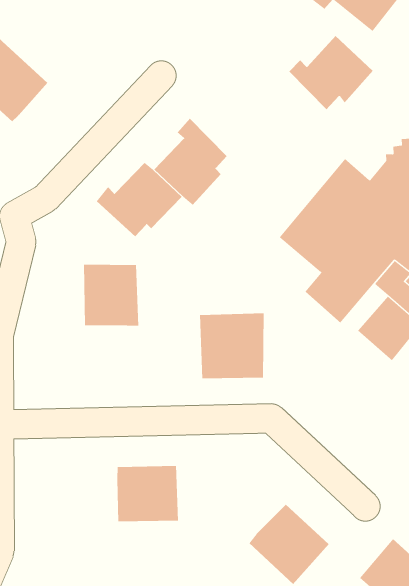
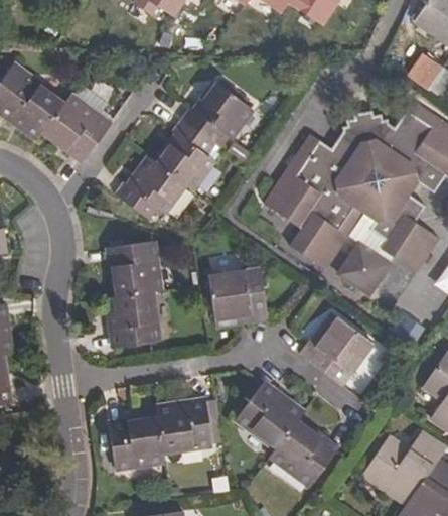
building: [289,35,374,110] -> [181,83,250,144]
building: none -> [43,80,113,161]
building: none -> [107,291,158,347]
building: none -> [300,311,374,385]
building: none -> [236,382,303,446]
building: none -> [109,416,164,468]

